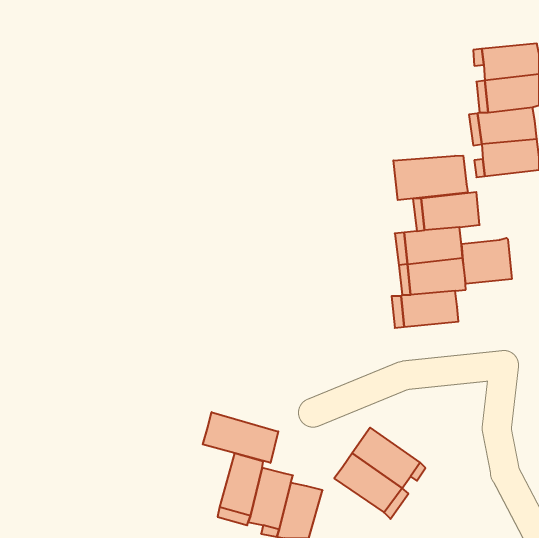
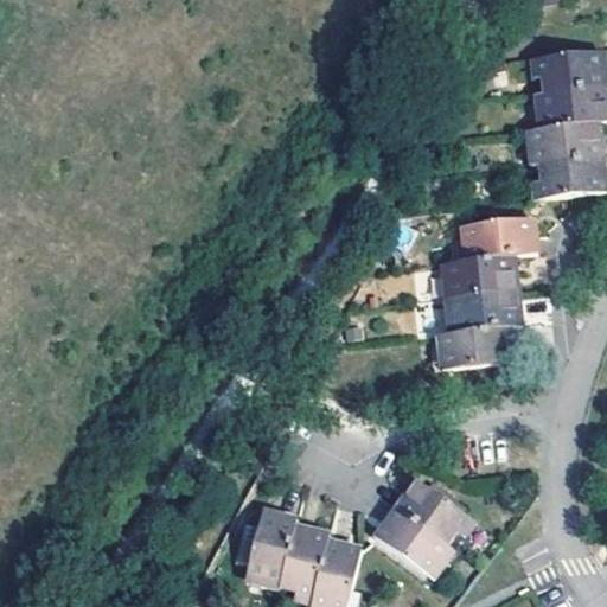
building: [393,156,468,200] -> none
building: [462,238,512,284] -> none
building: [203,412,278,463] -> none

